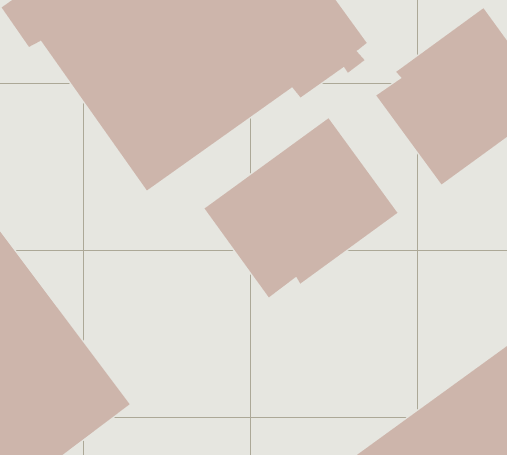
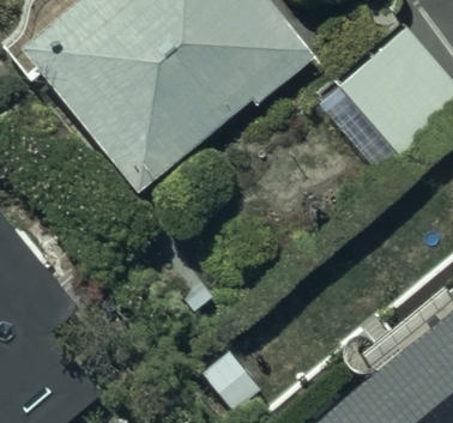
building: [203,117,399,299] -> none

